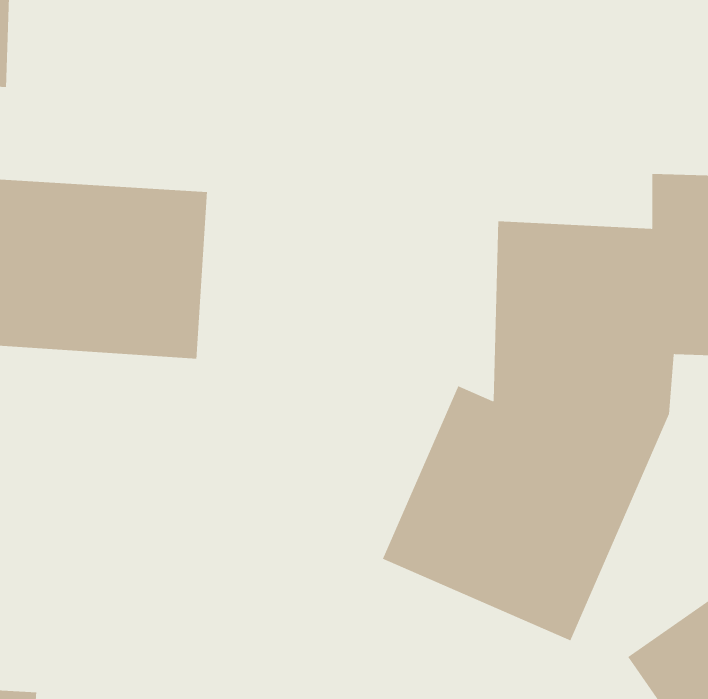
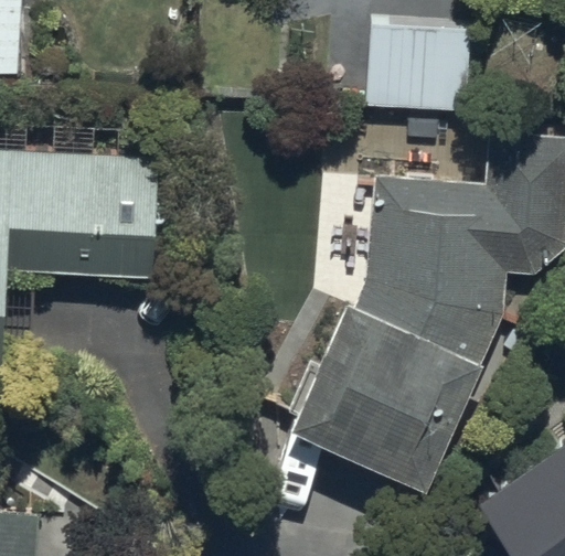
building: none -> [367,25,471,115]

